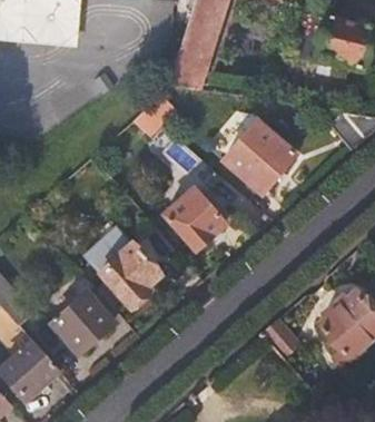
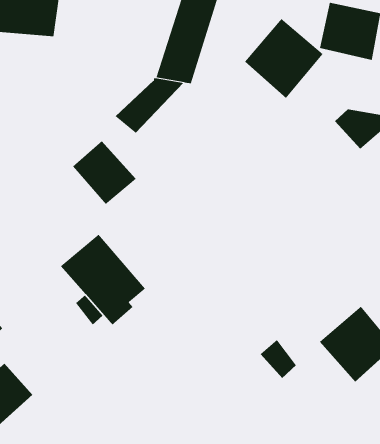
building: [224,121,295,194] -> [244,18,323,99]
building: [166,190,224,248] -> [72,141,136,205]
building: [55,294,112,352] -> none

